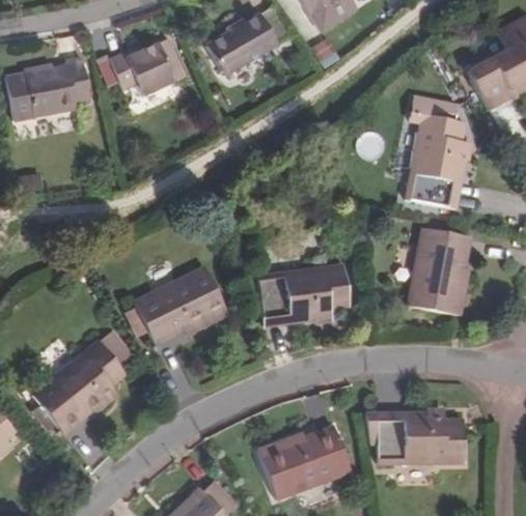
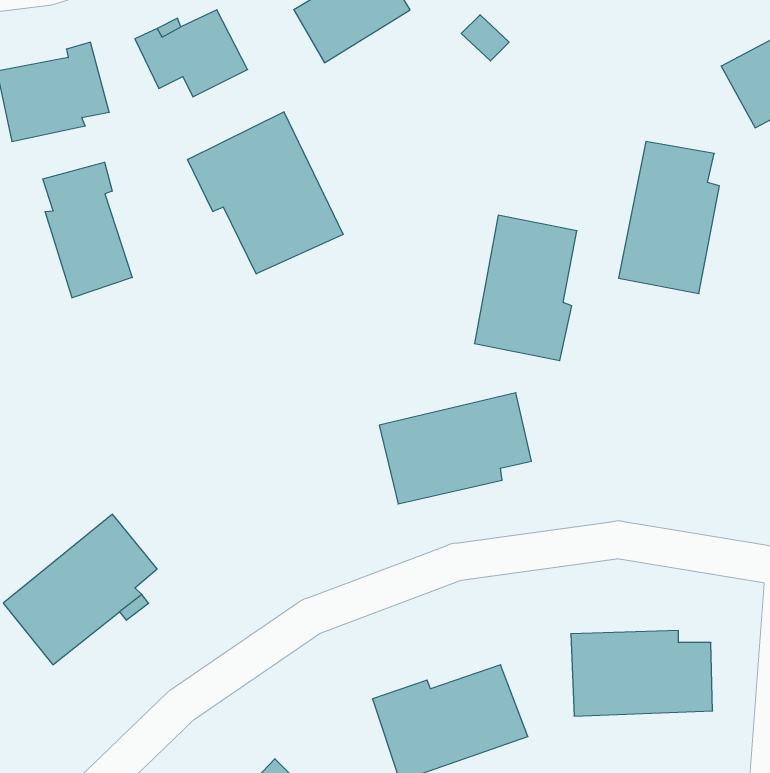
building: none -> [188,112,343,274]
building: none -> [43,162,132,298]
building: [409,226,471,314] -> [474,215,577,361]
building: [133,276,226,348] -> none

